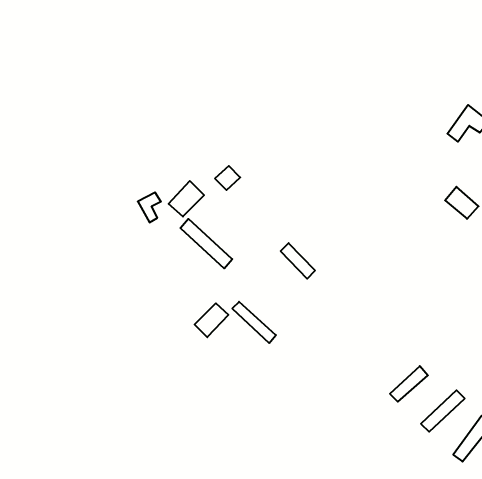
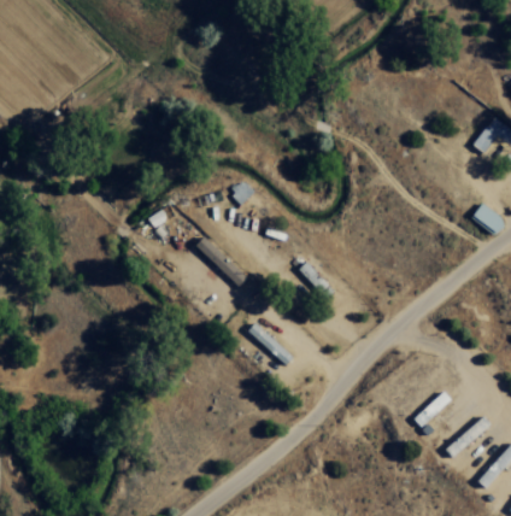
building: [169,181,204,217] -> none
building: [195,303,228,337] -> none

